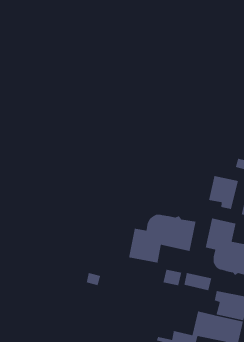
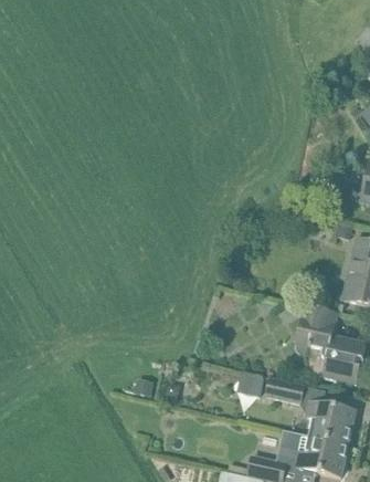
building: [208,175,239,210] -> none
building: [128,214,197,264] -> none

